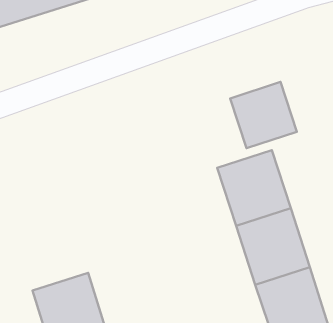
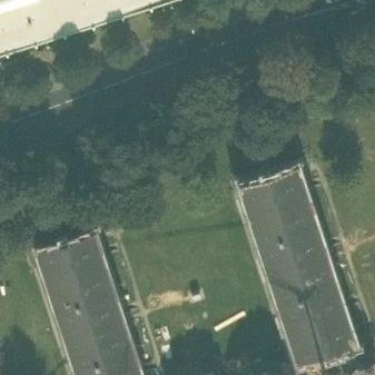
building: [230,82,297,148] -> none
building: none -> [38,236,112,312]

